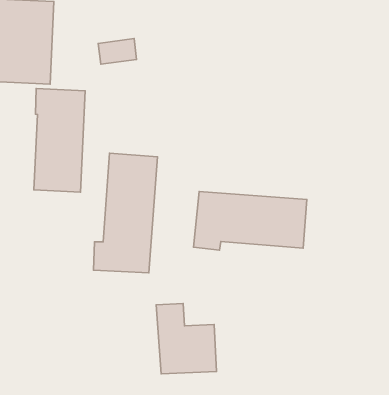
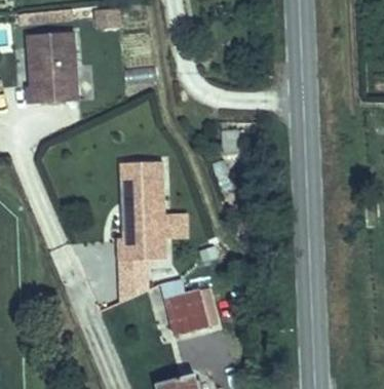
building: [34,89,85,192] -> none
building: [193,191,307,250] -> none

